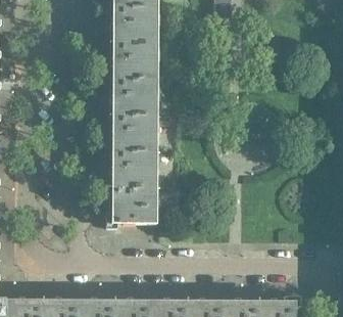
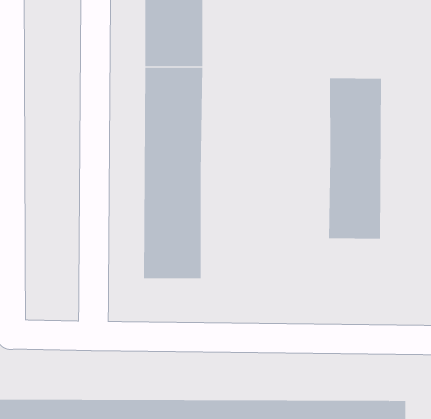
building: none -> [328,77,382,240]

